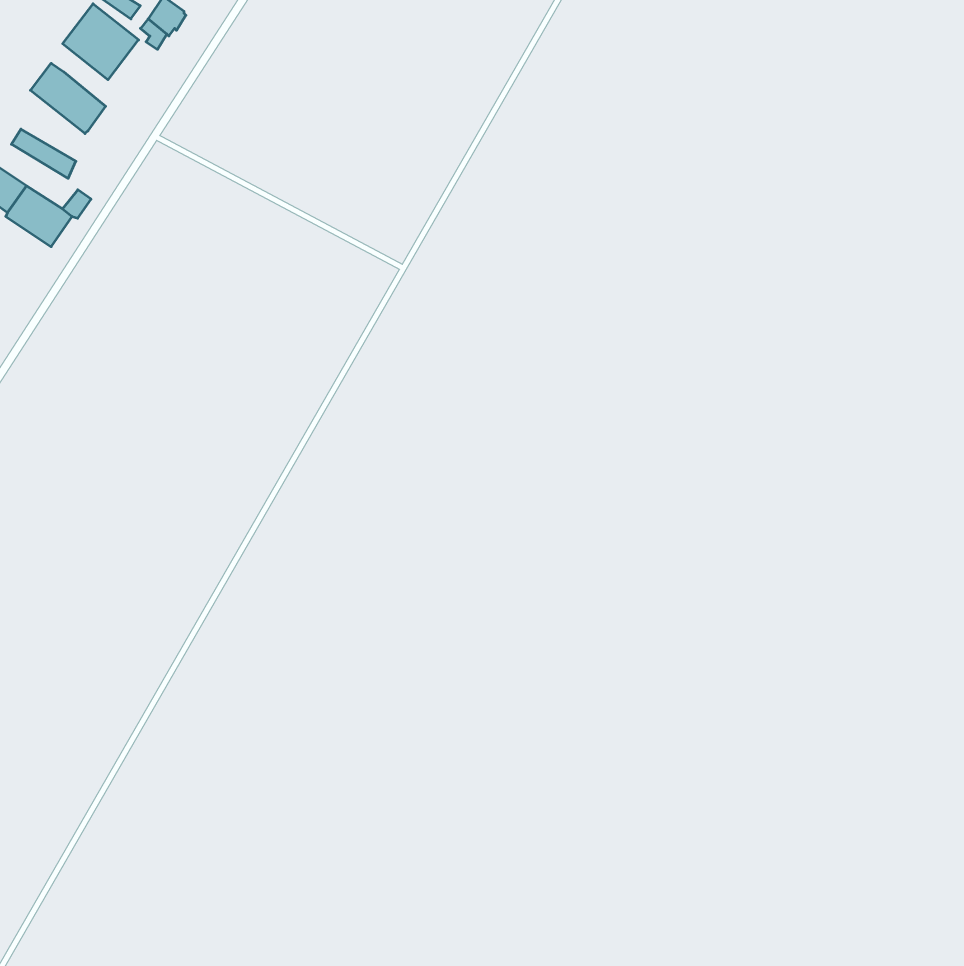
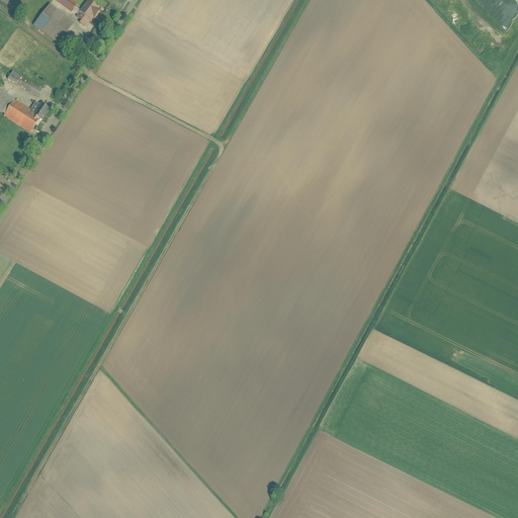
building: [30,63,106,134] -> none

